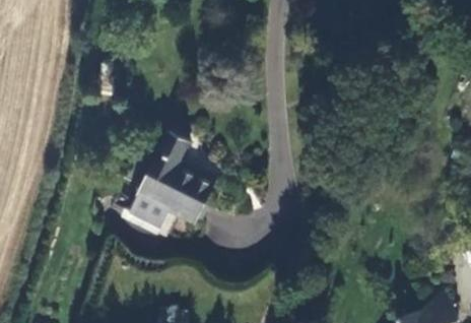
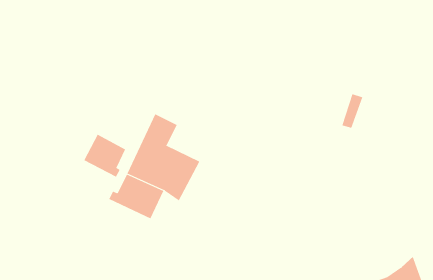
building: none -> [84,134,126,177]

